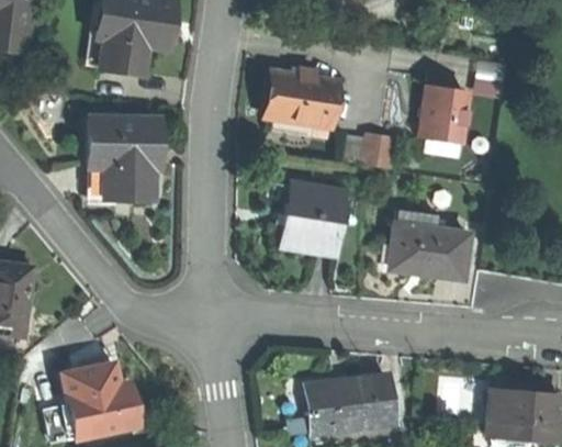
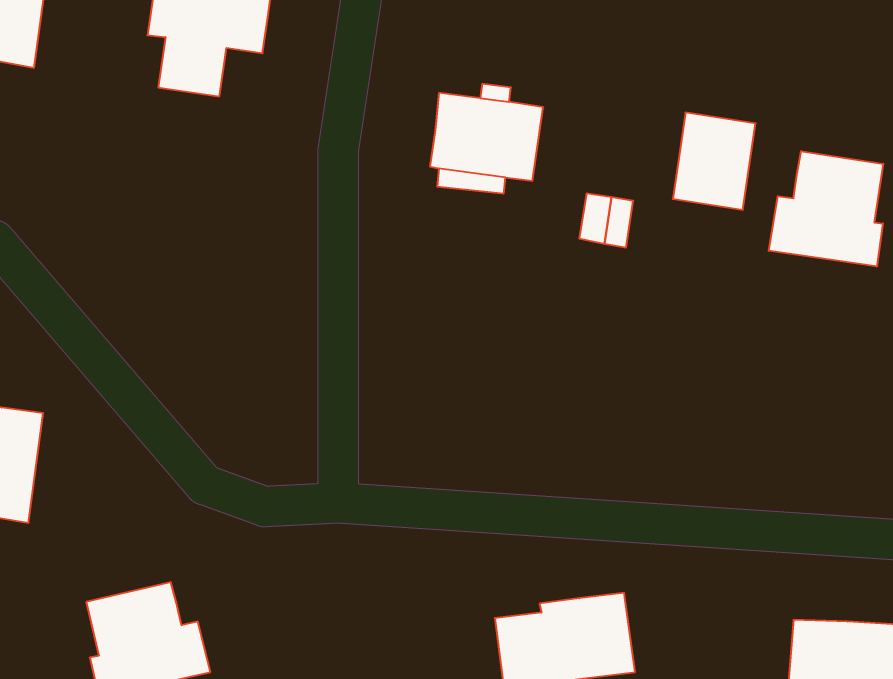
building: none -> [769,151,883,267]
building: [90,119,158,198] -> none
building: [279,181,347,256] -> none
building: [391,222,470,279] -> none

